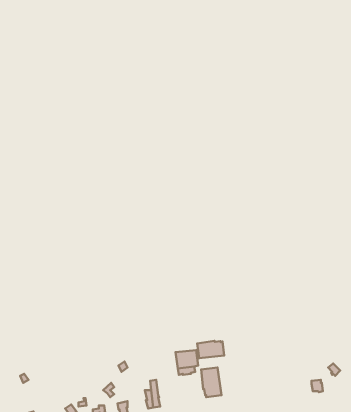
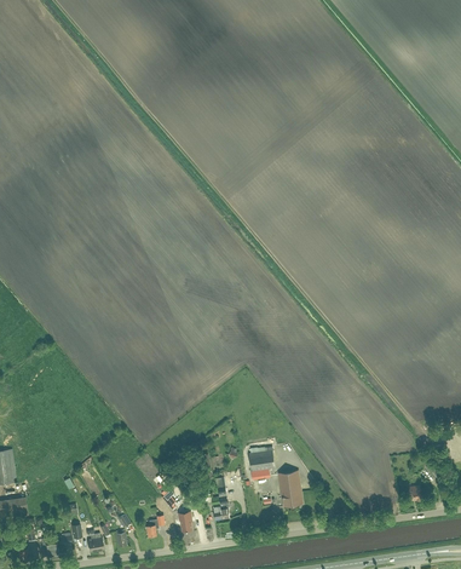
building: [197,341,224,358] -> none

